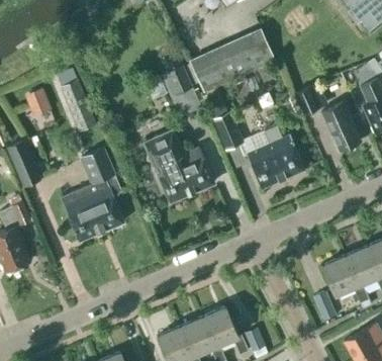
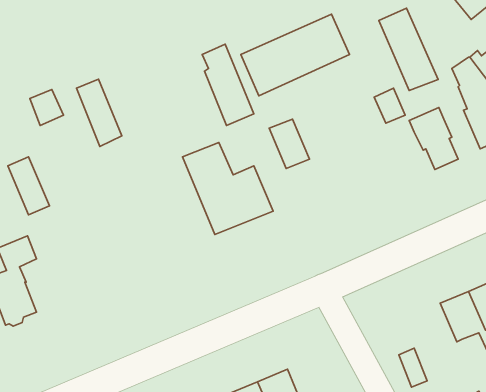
building: none -> [379,8,438,90]
building: [246,130,303,188] -> none
building: [61,148,123,241] -> none
building: [321,255,368,303] -> none

